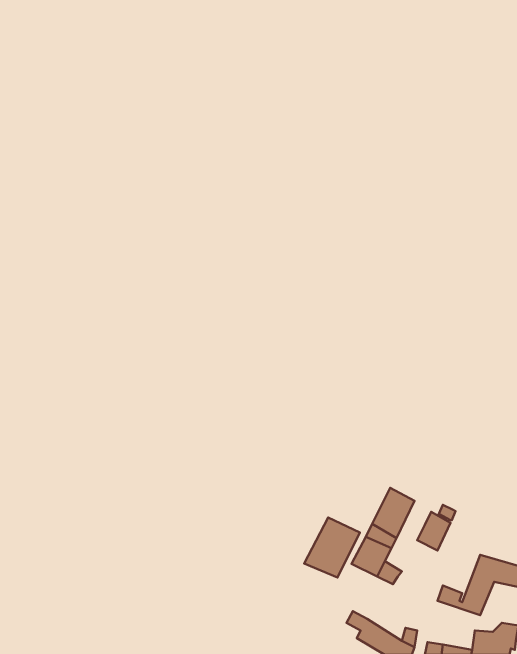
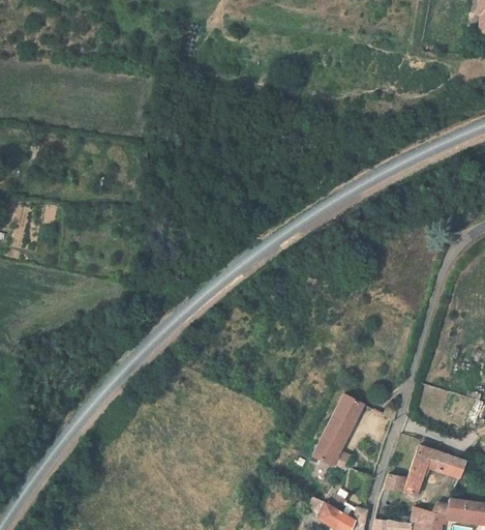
building: [417,512,451,550] -> none
building: [304,518,360,578] -> none

